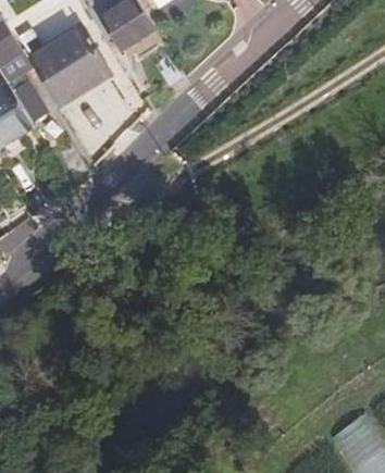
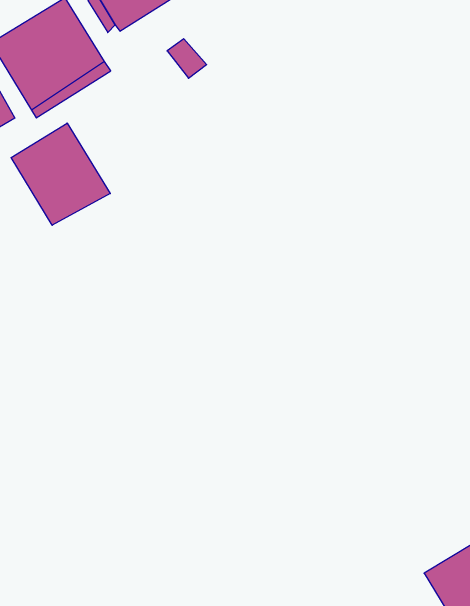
building: none -> [11,123,110,225]

